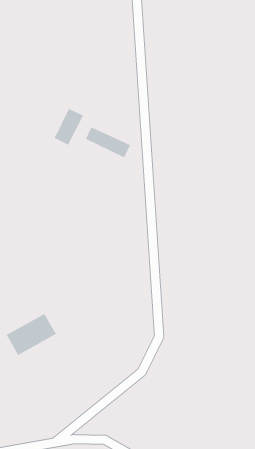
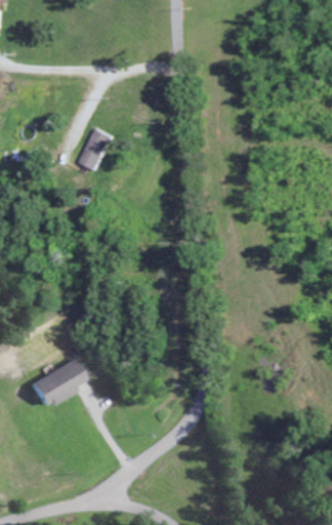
building: [85,126,131,158] -> none

